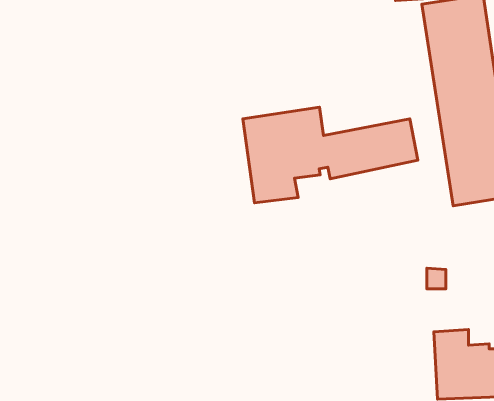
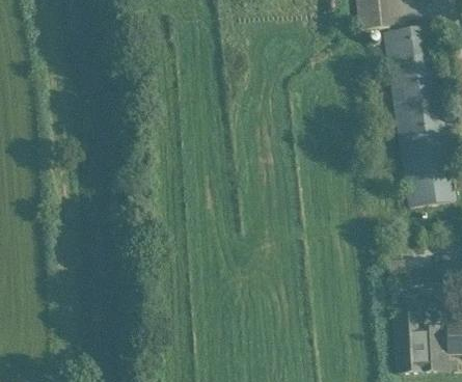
building: [243,107,418,203] -> none

